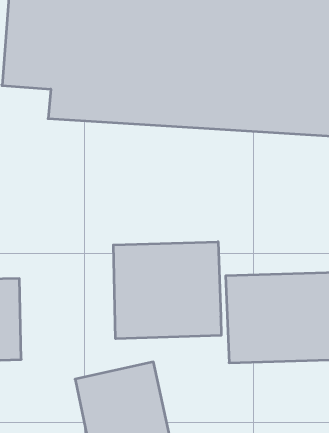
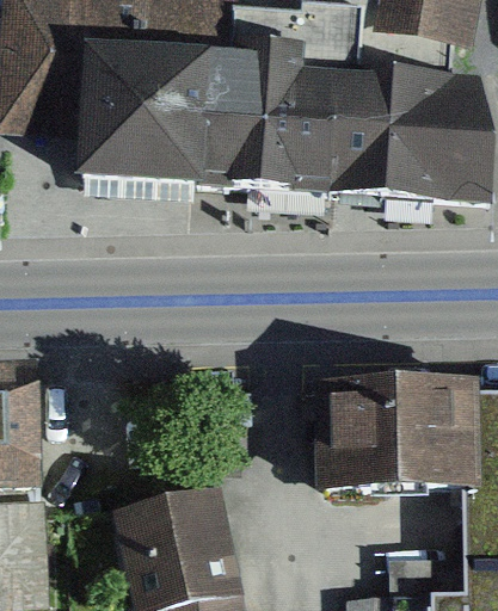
building: [113,242,221,339] -> none

